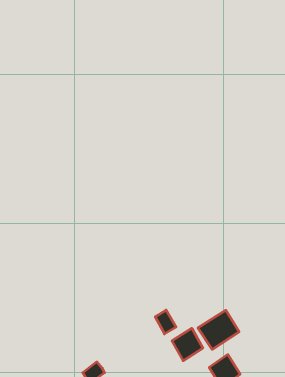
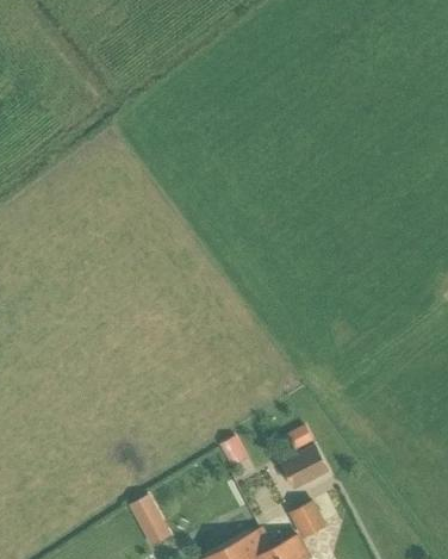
building: [172,328,203,361] -> none

